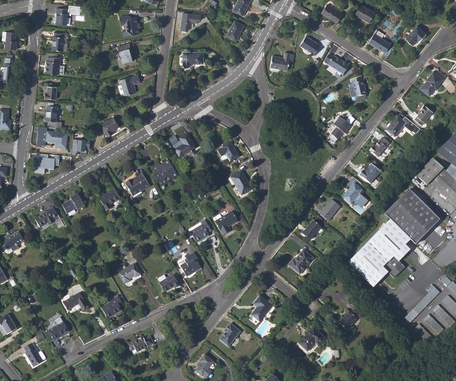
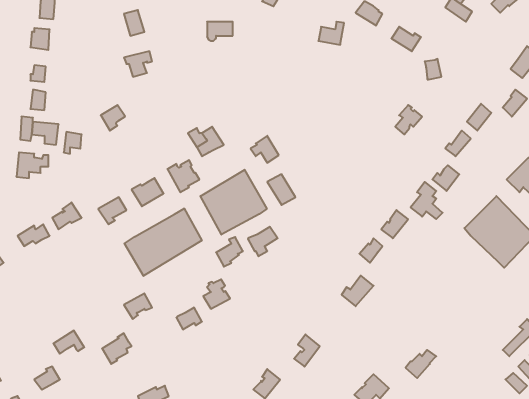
building: none -> [200,170,267,235]
building: none -> [124,208,202,276]
building: [347,219,410,286] -> none

